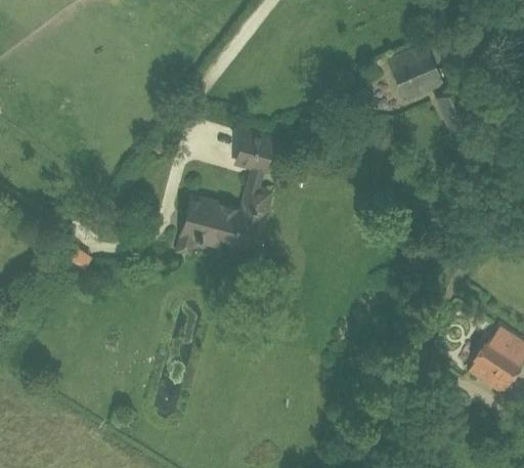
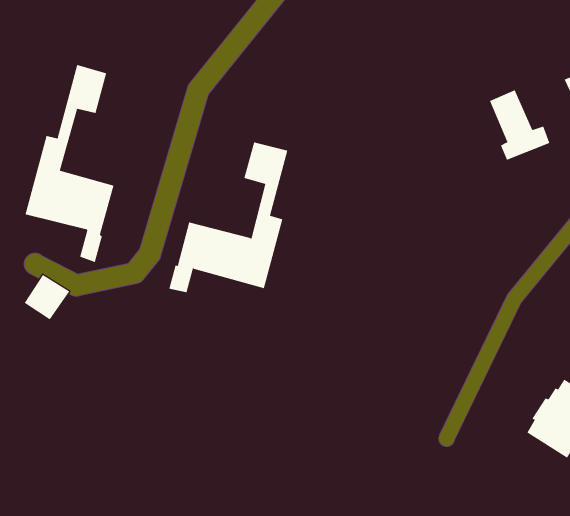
building: [388,44,442,100] -> none
building: none -> [25,64,114,263]

